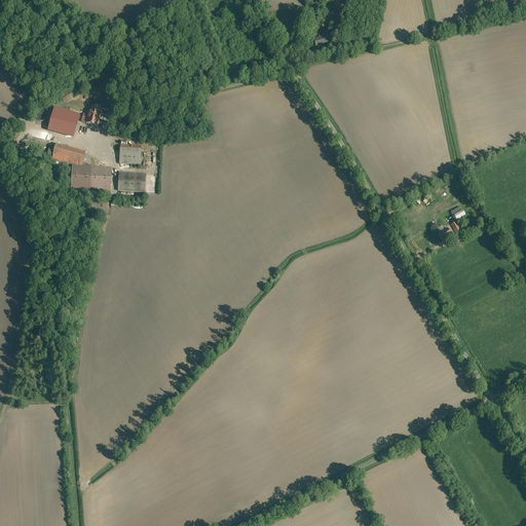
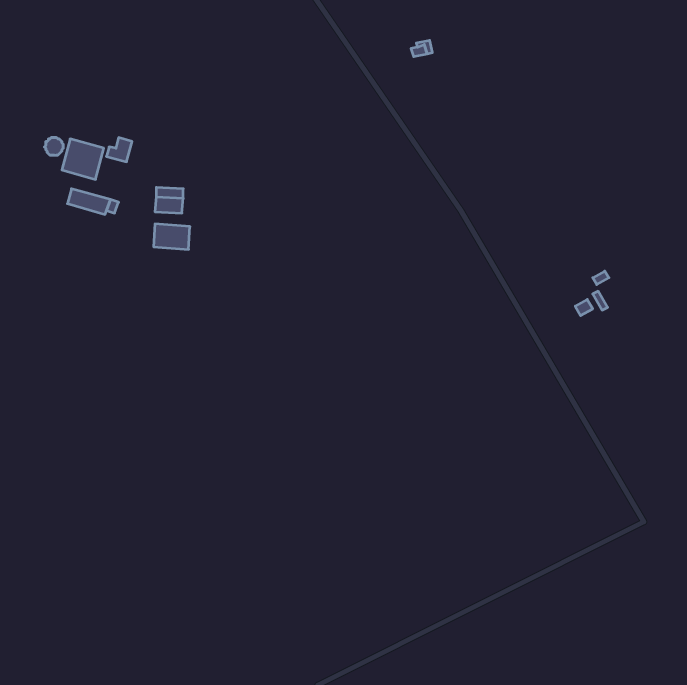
building: [71,163,111,188] -> none

